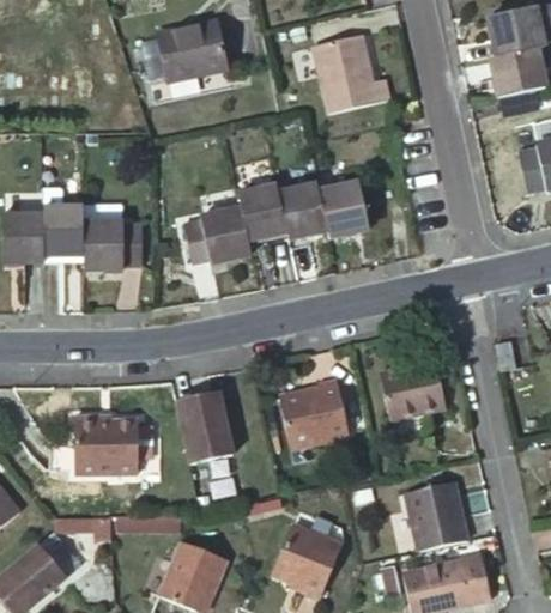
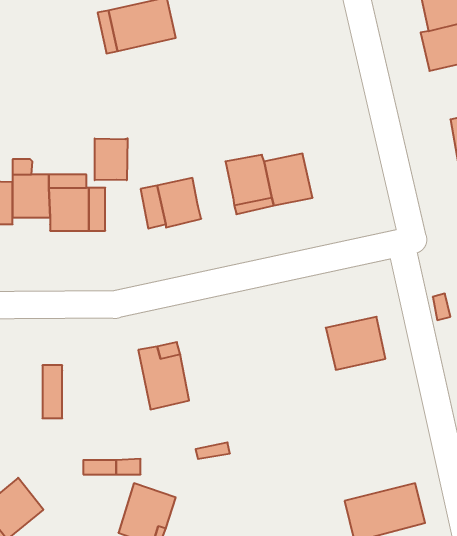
building: [313,36,386,114] -> none
building: none -> [95,138,128,180]
building: [235,187,283,243] -> none
building: [281,376,353,451] -> none
building: [97,421,133,474] -> none
building: [404,477,468,546] -> none
building: [270,524,333,595] -> none

